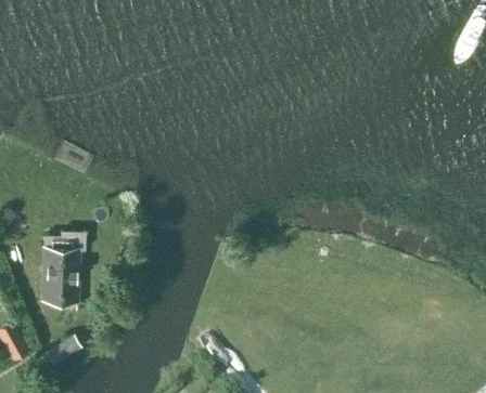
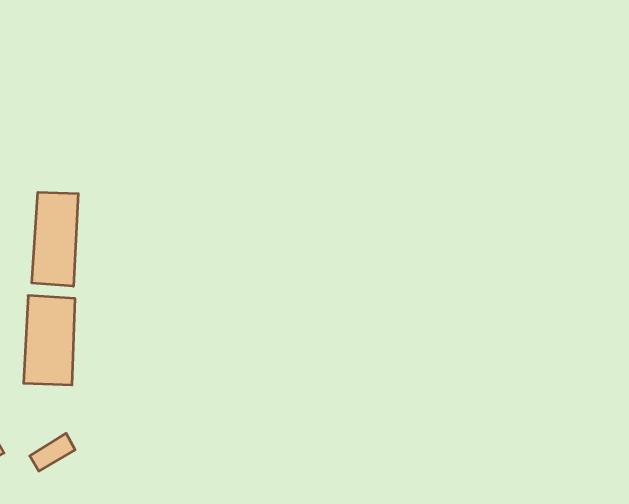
building: none -> [32,192,78,286]

